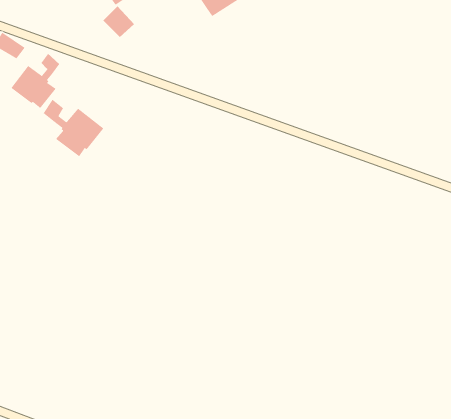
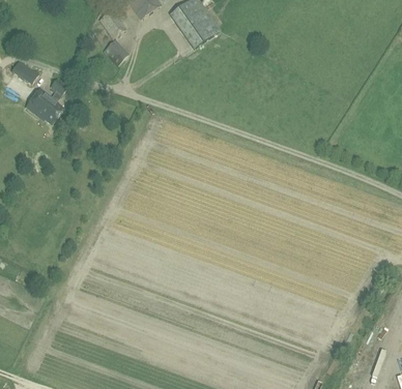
building: [43,99,104,157] -> none

